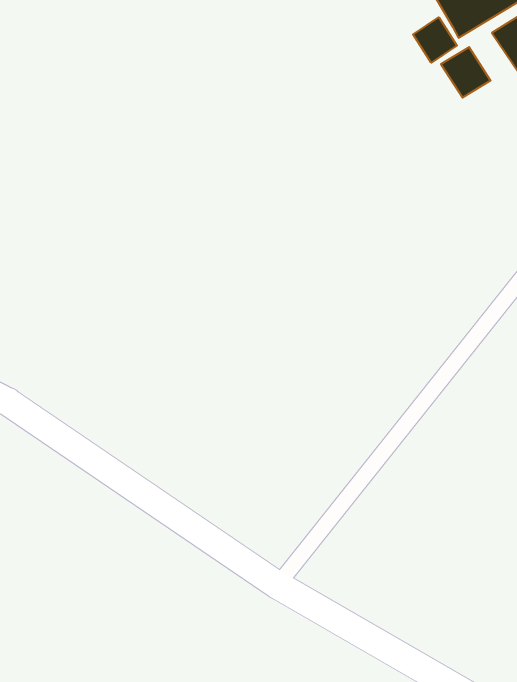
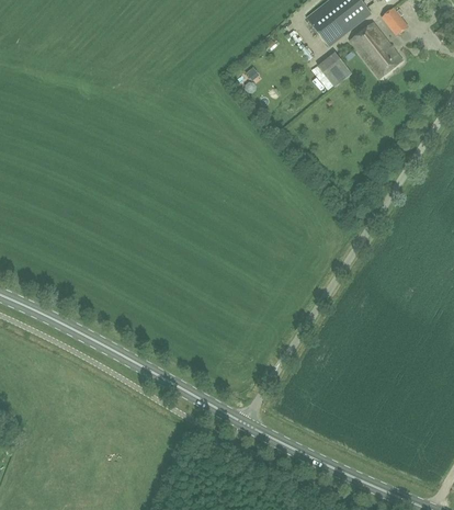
building: [413,17,457,63] -> none

